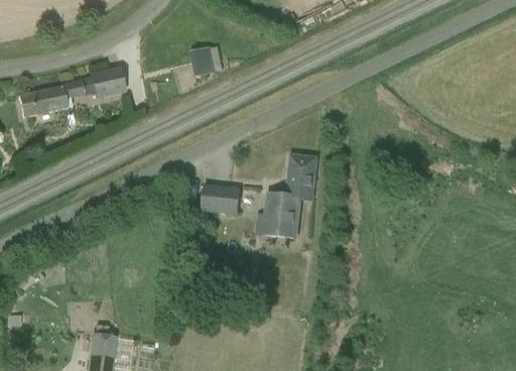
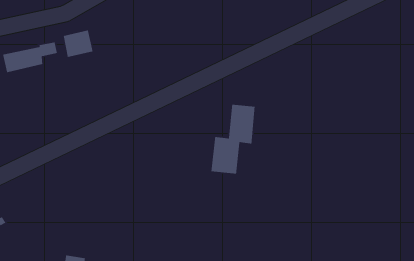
building: [189,46,217,77] -> none
building: [202,183,241,215] -> none

